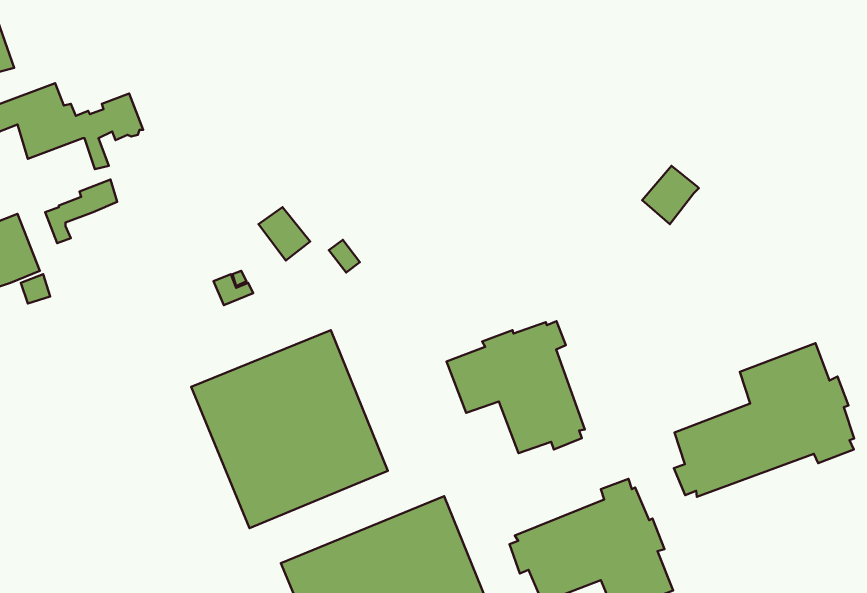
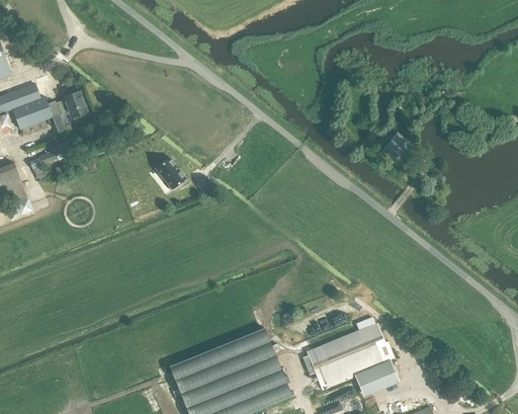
building: [446,321,585,453] -> none
building: [191,330,388,528] -> none
building: [674,343,854,497] -> none

